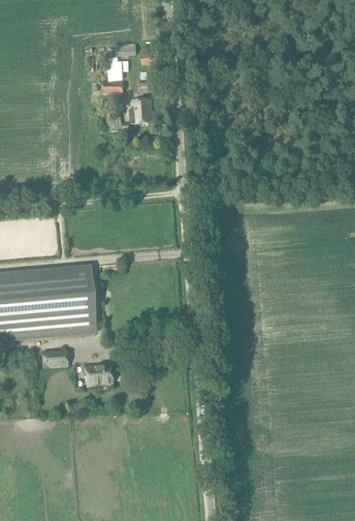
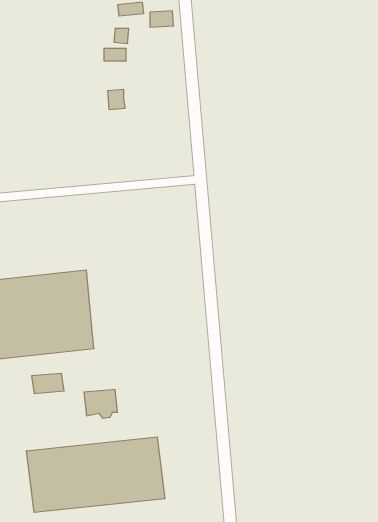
building: [131,96,154,121] -> none
building: none -> [26,437,165,512]

